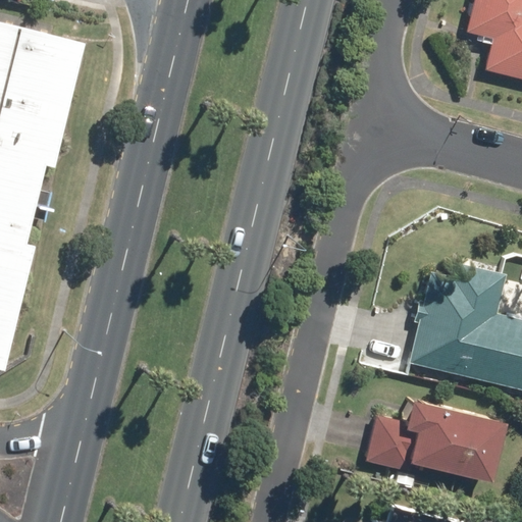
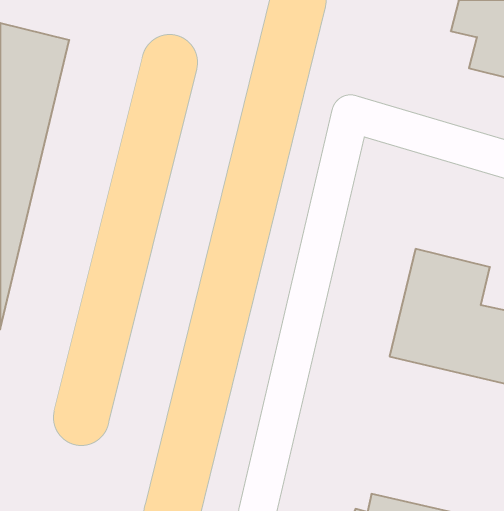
building: [365,398,501,483] -> none

